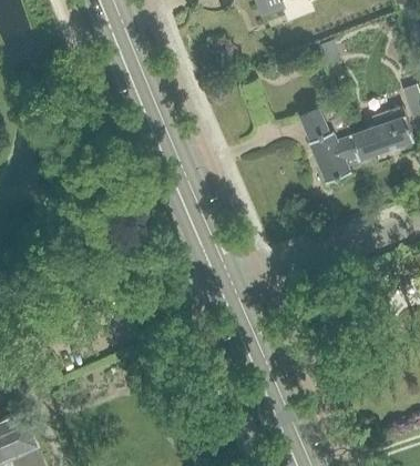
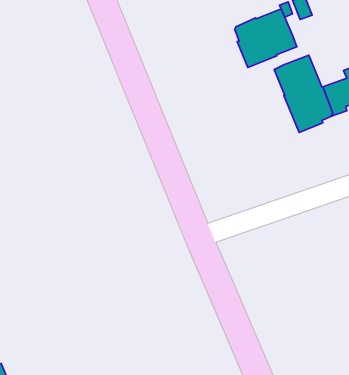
building: none -> [235,9,297,68]

